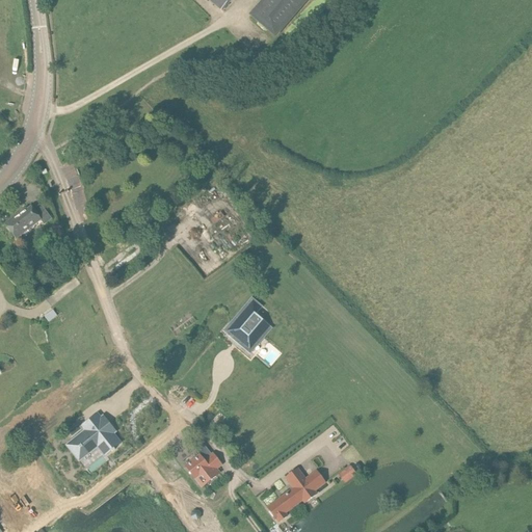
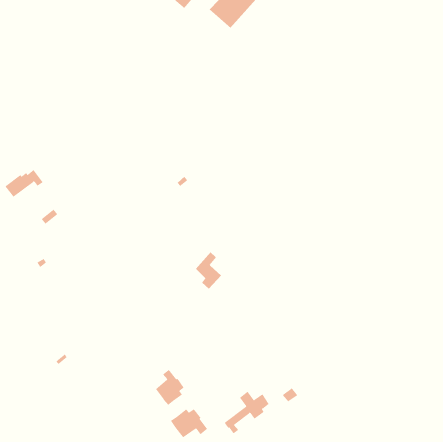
building: [75,414,119,454] -> none
building: none -> [170,408,208,438]

